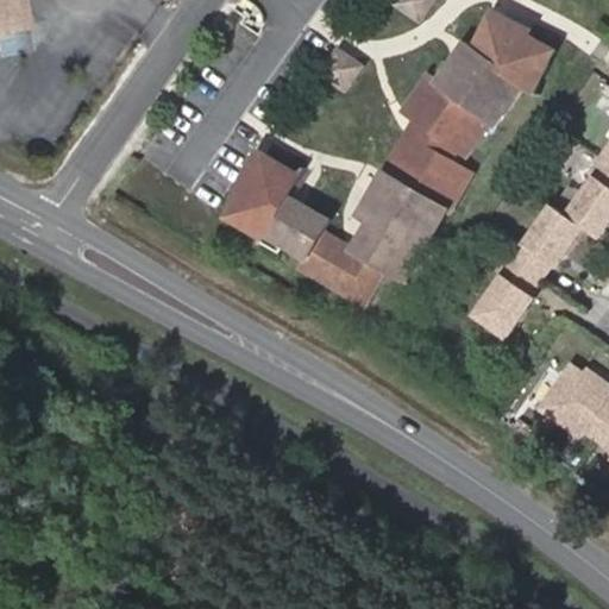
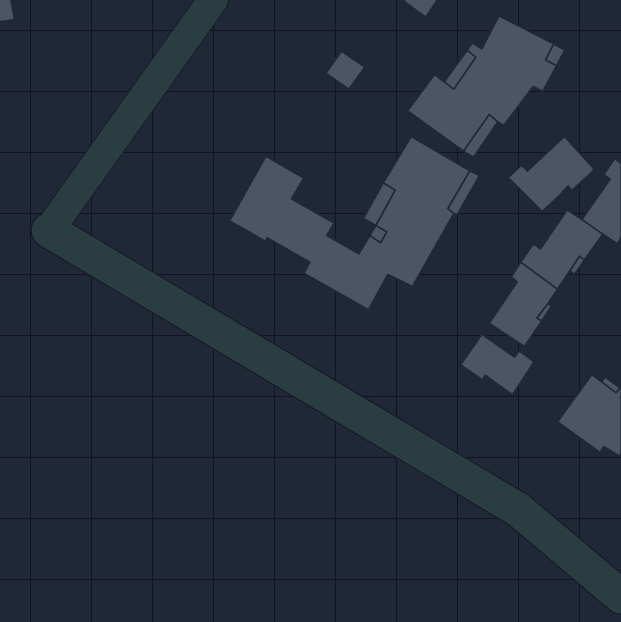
building: none -> [509,137,594,211]
building: none -> [461,334,534,395]

